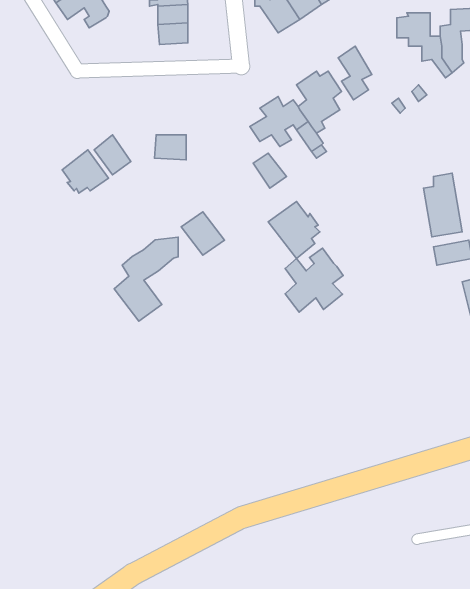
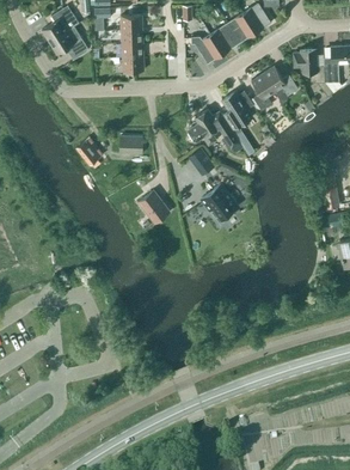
building: none -> [263,67,297,104]
building: [62,150,109,193] -> none
building: [114,237,178,321] -> none
building: [285,248,343,312] -> none

